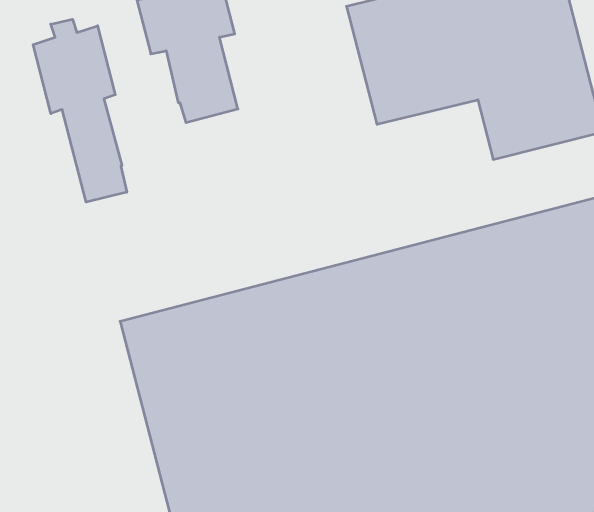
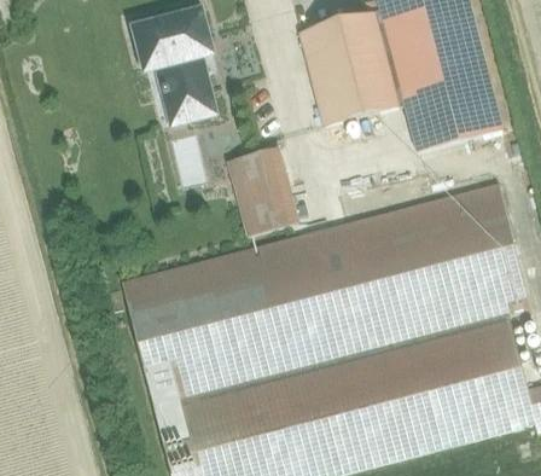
building: [33,19,127,202] -> none
building: none -> [227,149,297,237]

